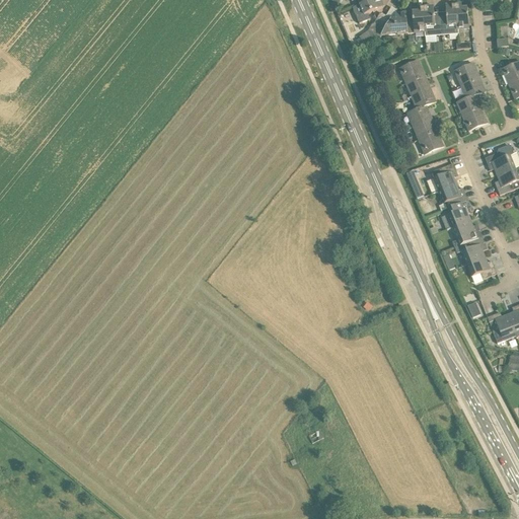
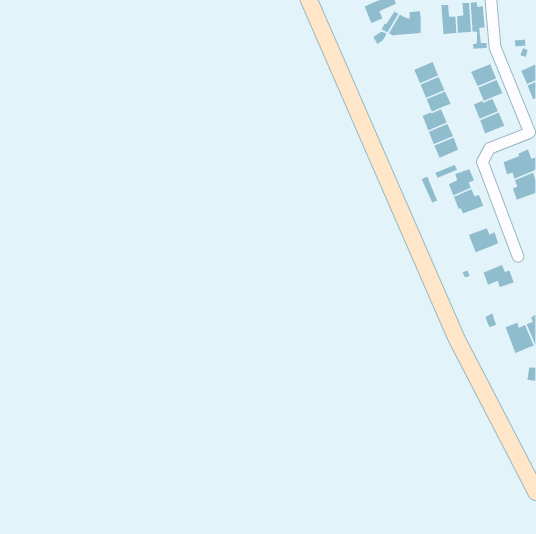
building: [406,4,427,31] -> none
building: [442,199,472,228] -> none
building: [460,235,487,263] -> none

